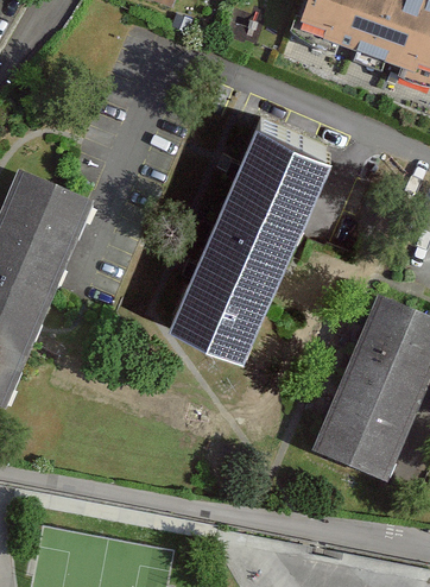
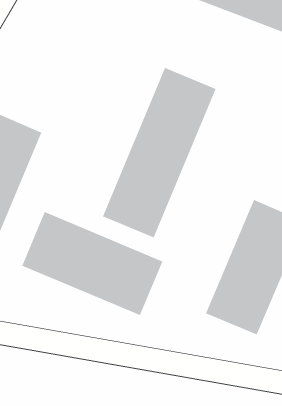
building: none -> [22,211,163,316]

